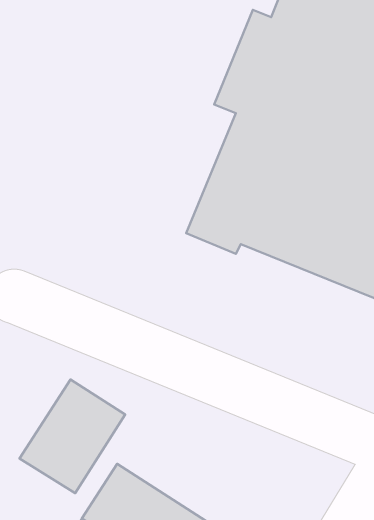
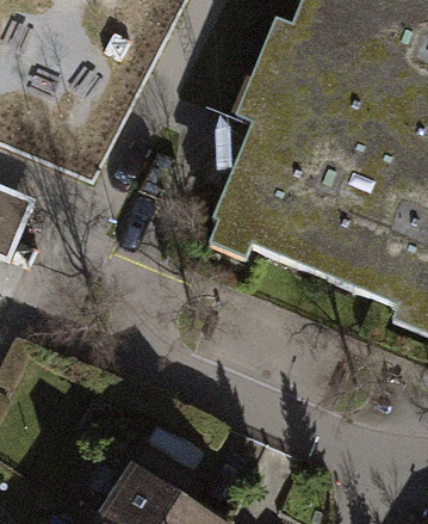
building: [19,379,125,493] -> none

